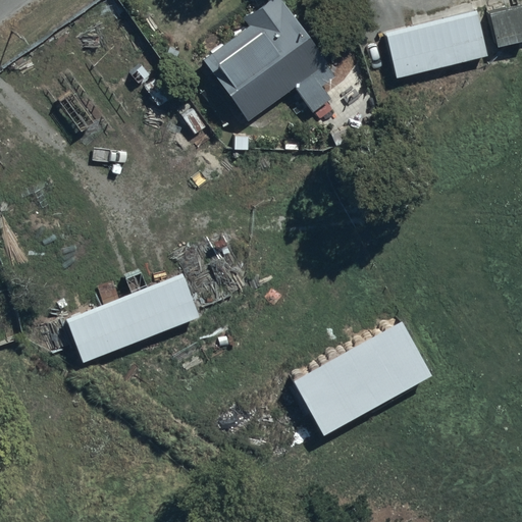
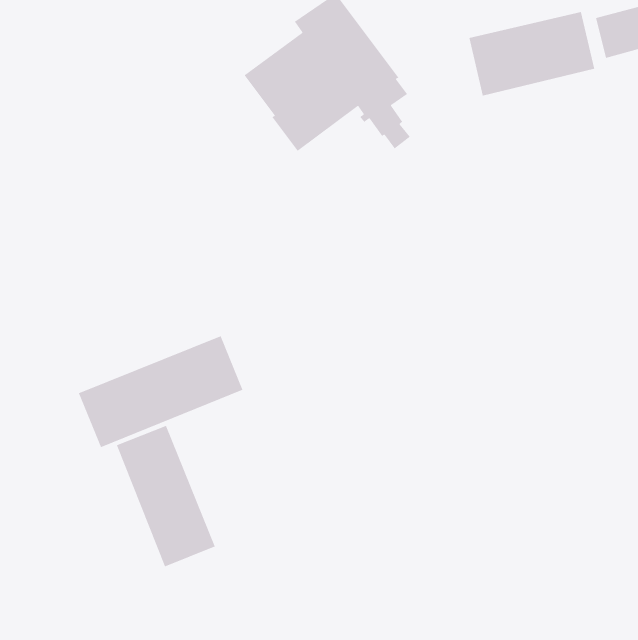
building: [297,320,435,435] -> none
building: none -> [116,425,216,568]

